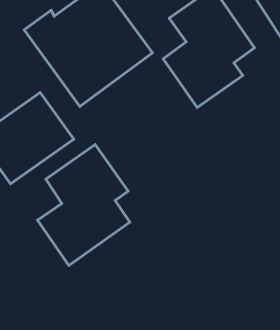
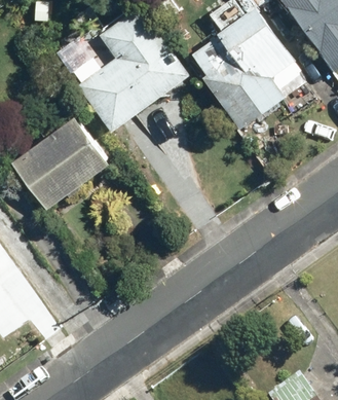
building: [37,144,130,265] -> none

